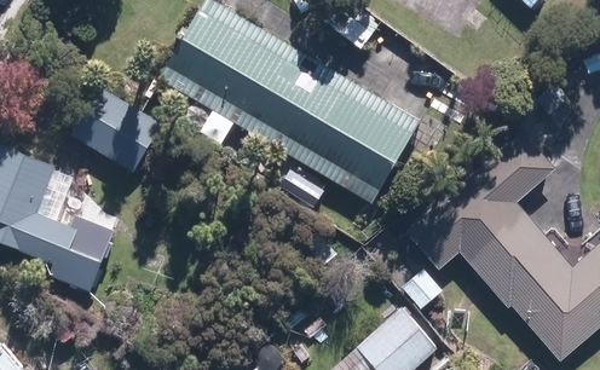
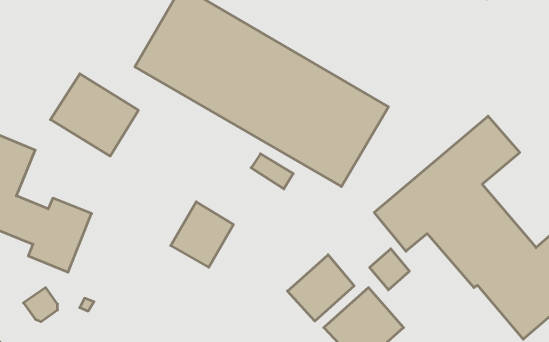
building: none -> [171,202,233,267]
building: none -> [287,255,354,321]

